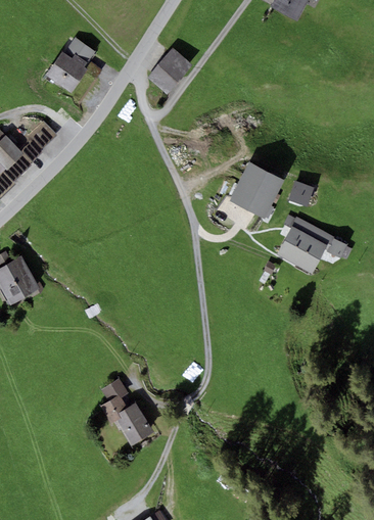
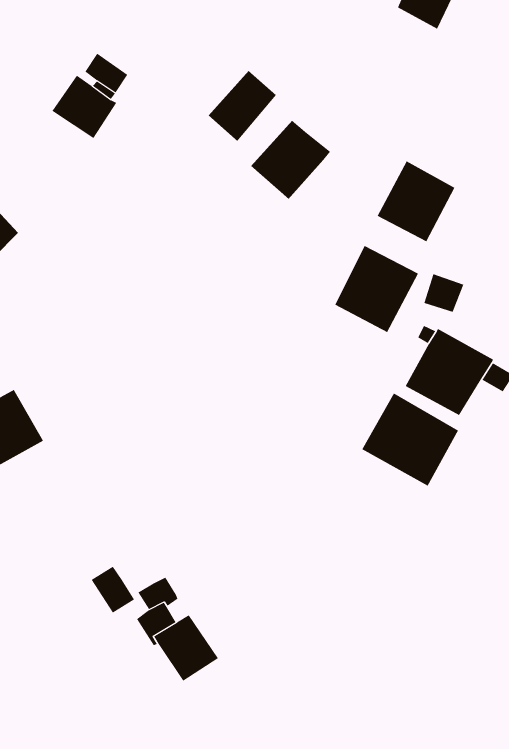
building: none -> [250,120,331,200]
building: none -> [377,160,455,242]
building: none -> [362,392,459,486]
building: none -> [91,566,135,613]

